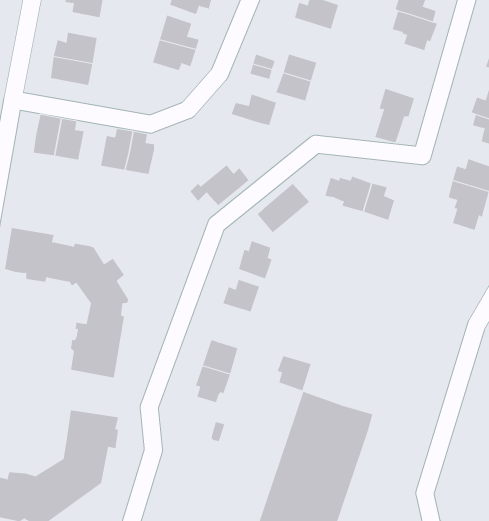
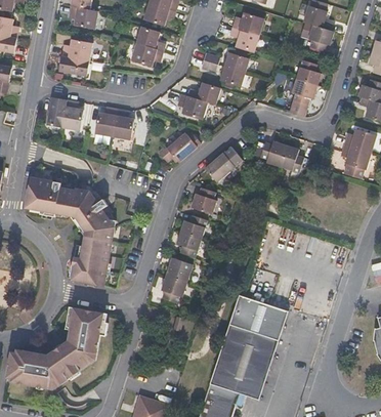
building: none -> [229,28,258,52]
building: none -> [296,59,322,85]
building: none -> [176,94,206,119]
building: [277,355,311,391] -> [176,232,201,257]

